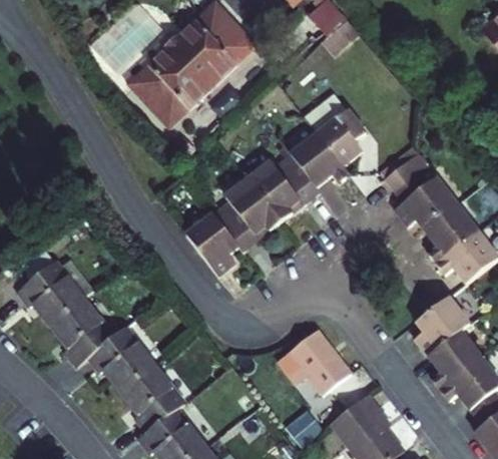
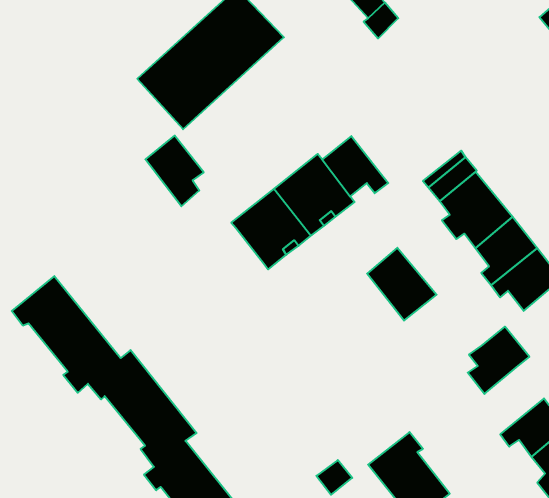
building: [304,92,364,164] -> none
building: [187,213,239,277] -> [145,136,204,206]
building: [291,332,353,397] -> [367,248,437,321]
building: [436,337,489,398] -> none

